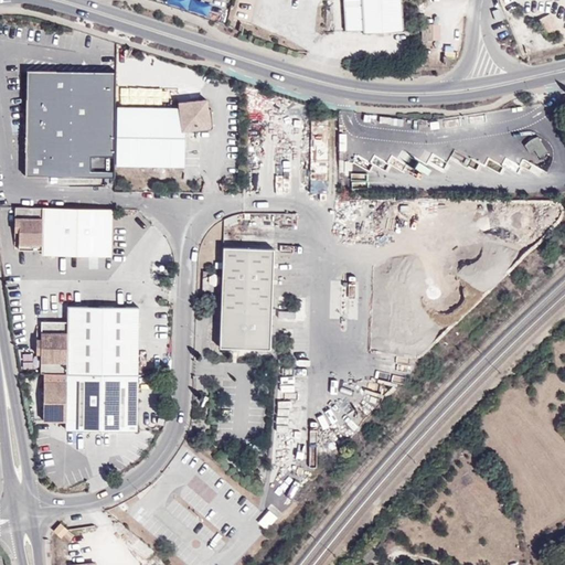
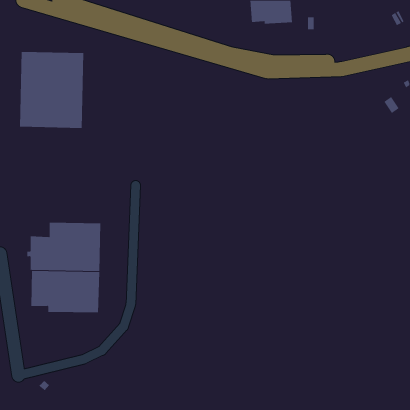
building: [117,99,210,166] -> none
building: [13,206,110,255] -> none
building: [218,246,275,349] -> none

